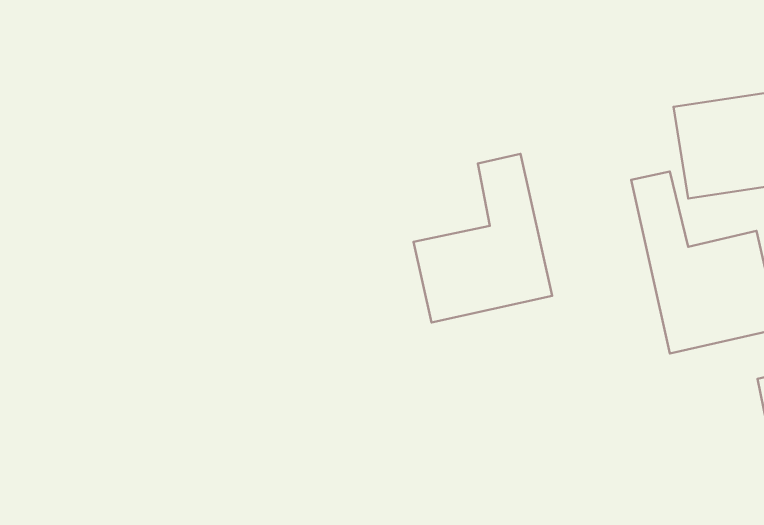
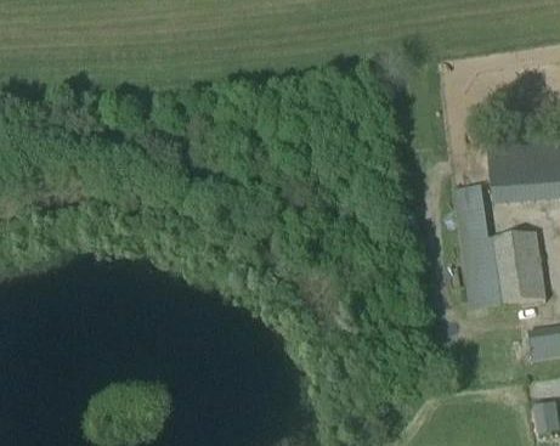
building: [414,154,552,322] -> none

